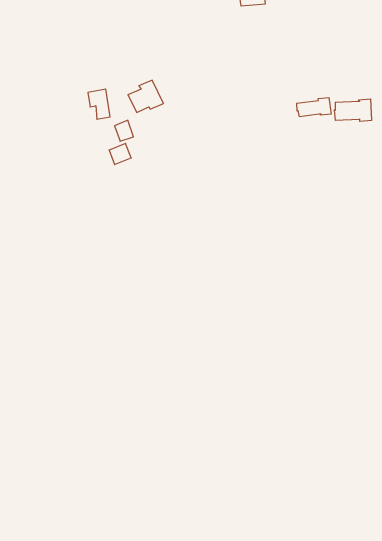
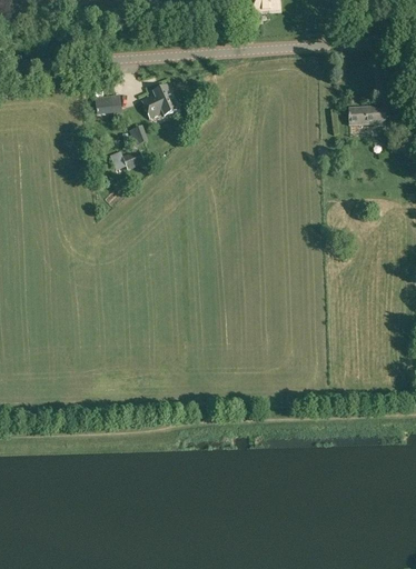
building: [297,98,331,117] -> none

